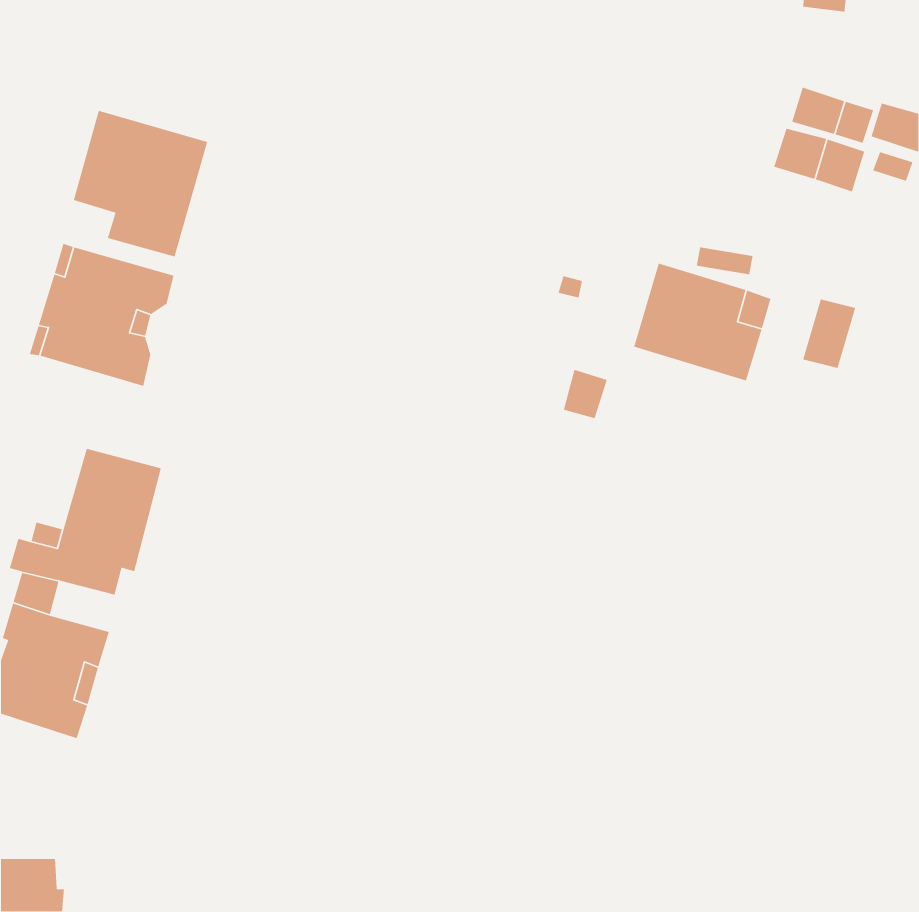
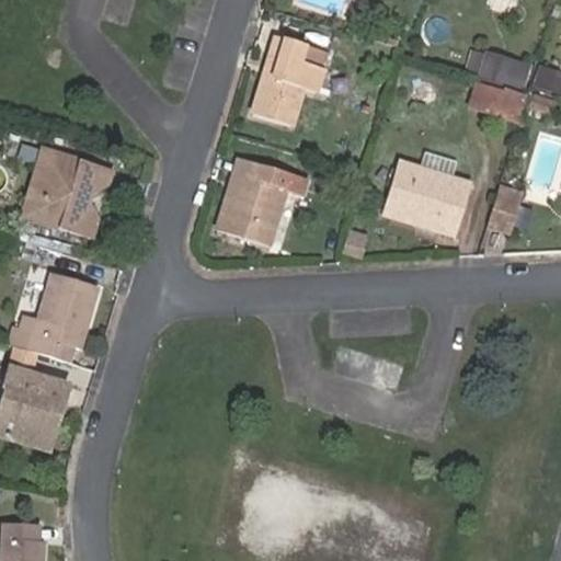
building: none -> [254,35,324,123]
building: [73,110,208,258] -> none
building: none -> [219,158,309,243]

